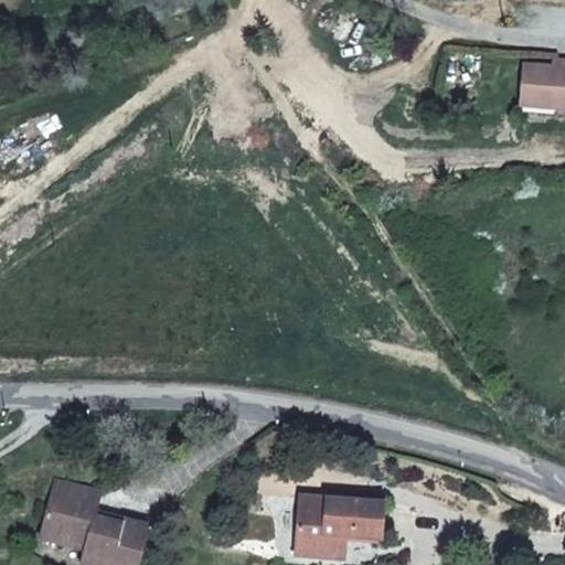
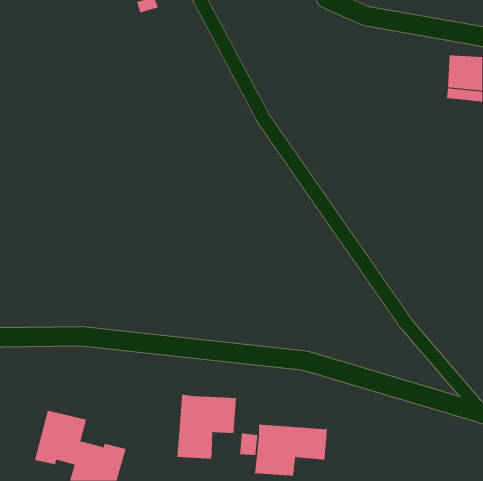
building: none -> [177,394,237,460]

